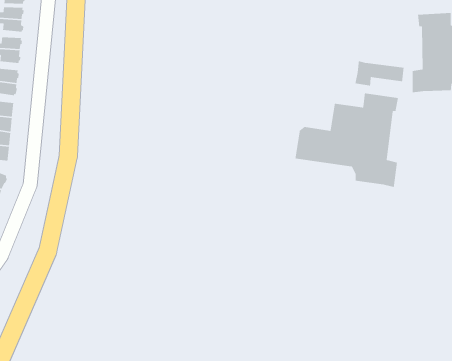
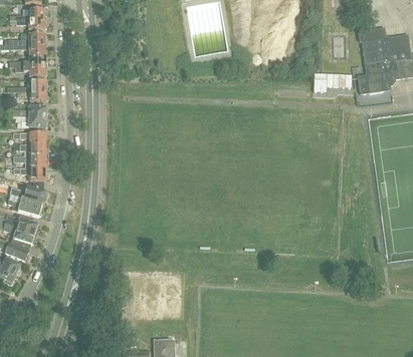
building: [295,92,399,188] -> none

